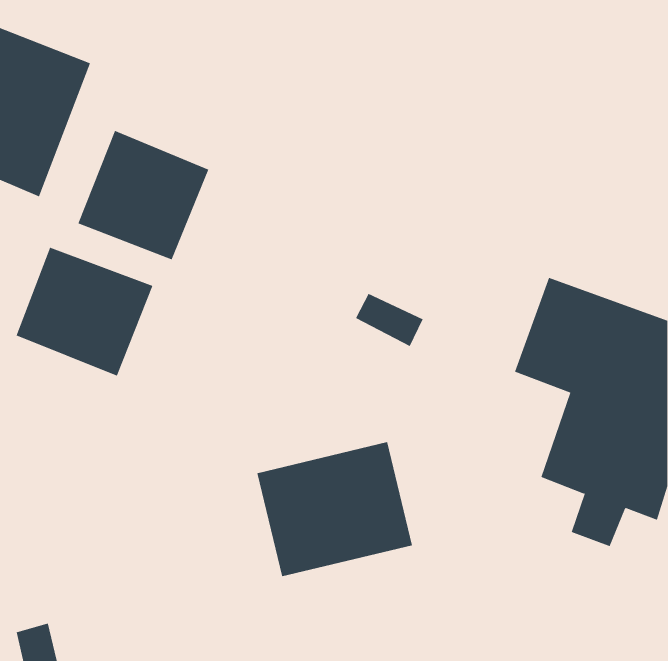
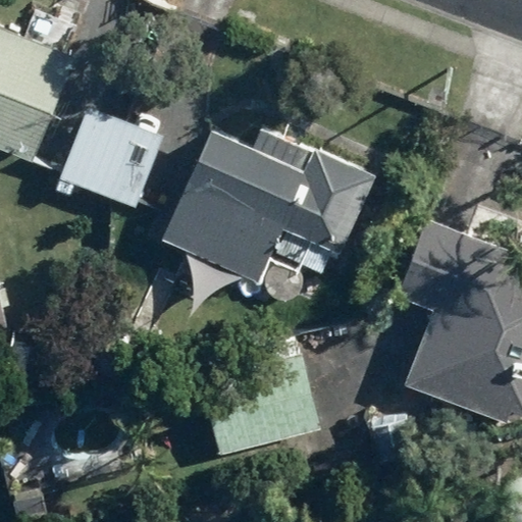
building: none -> [160,129,375,282]
building: [16,247,153,376] -> none

